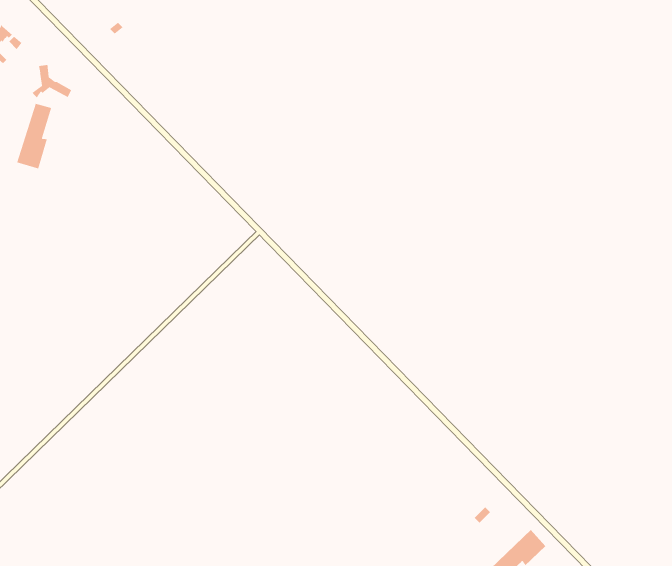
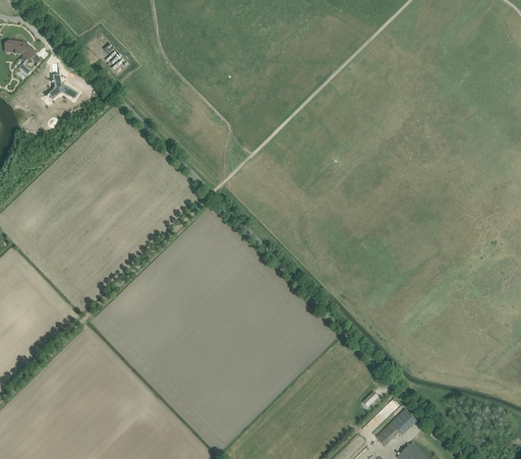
building: [16,103,52,169] -> none

